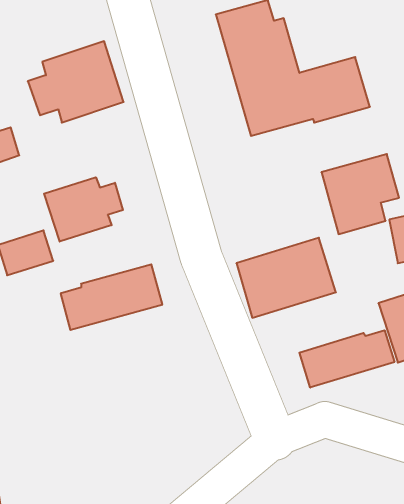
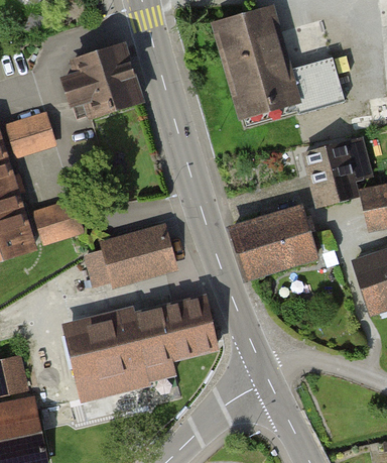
building: [44,177,123,242] -> none
building: [299,330,394,388] -> none
building: none -> [68,299,217,392]

